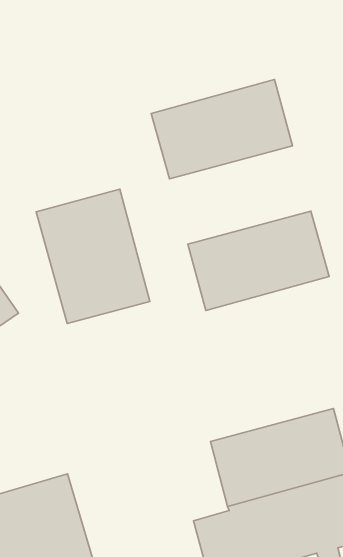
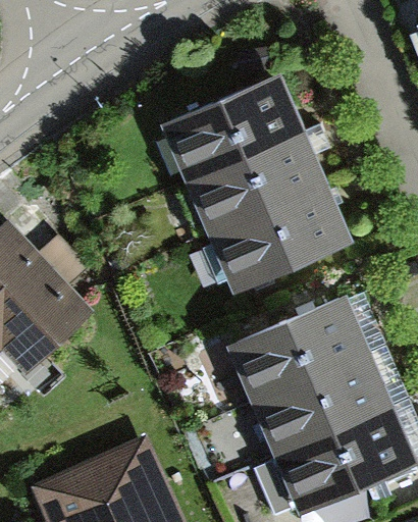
building: none -> [197,133,322,229]
building: [36,189,150,323] -> none
building: none -> [240,298,365,397]

